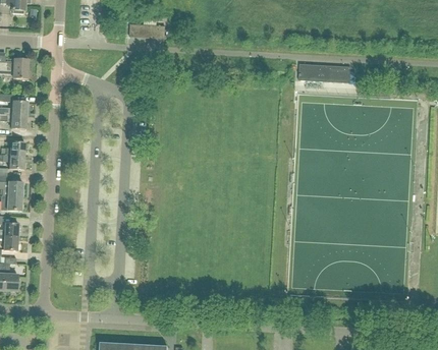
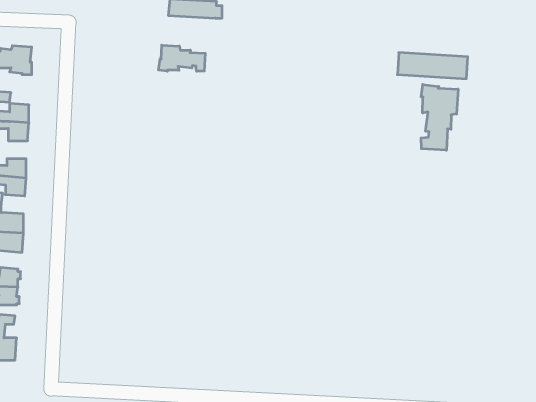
building: none -> [159,45,205,71]
building: none -> [421,84,458,150]

